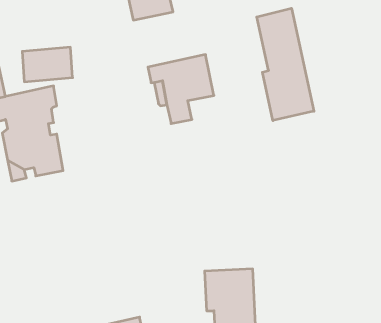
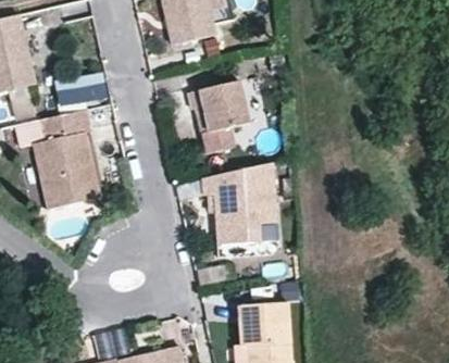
building: [257,8,314,121] -> none
building: none -> [204,162,276,243]

